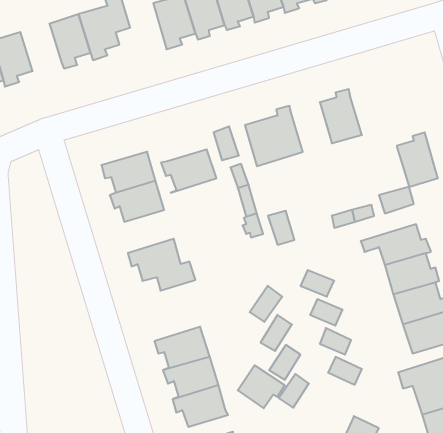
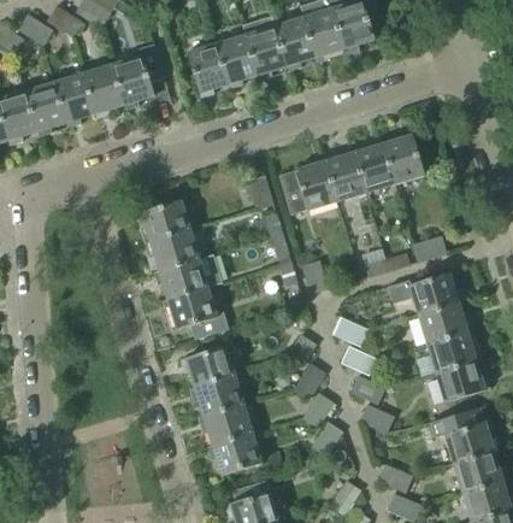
building: none -> [54,72,95,127]
building: none -> [324,146,365,200]
building: [397,132,438,187] -> [383,129,424,183]
building: [161,149,216,193] -> [152,258,207,301]
building: none -> [179,346,234,387]
building: [238,365,285,408] -> none

